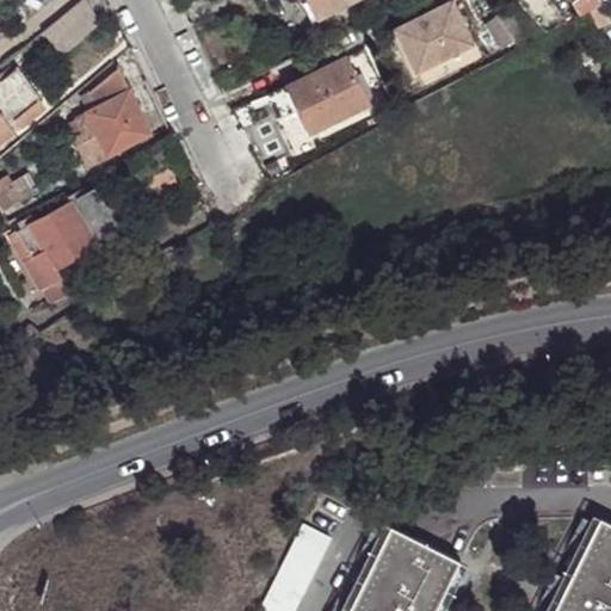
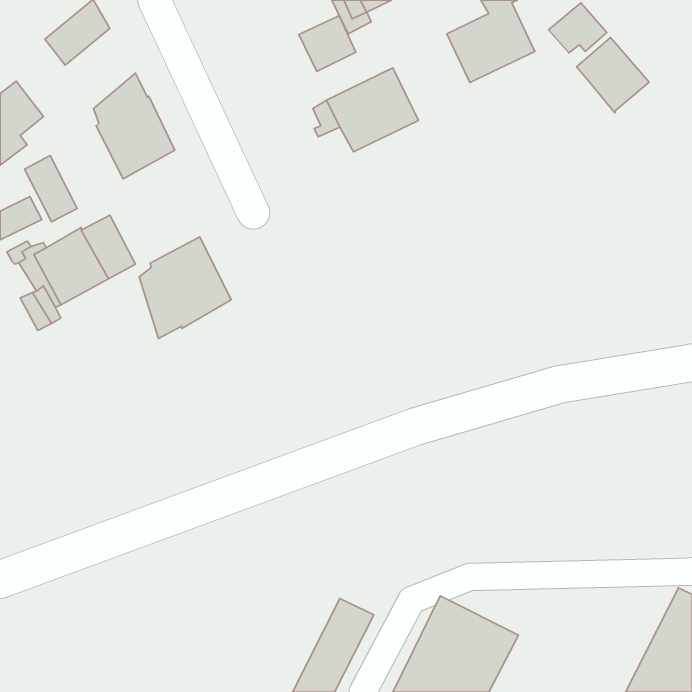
building: none -> [299,15,356,71]
building: none -> [577,37,649,113]
building: [62,111,109,169] -> [24,156,77,222]
building: none -> [139,237,231,339]

